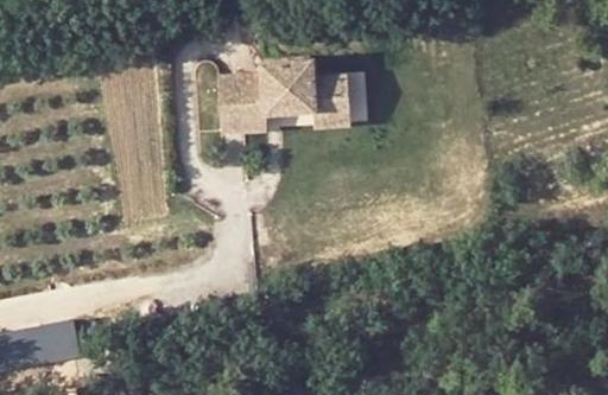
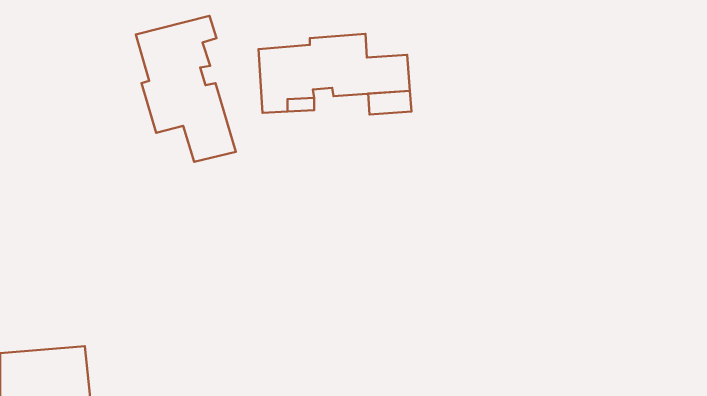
building: none -> [136,16,236,162]

